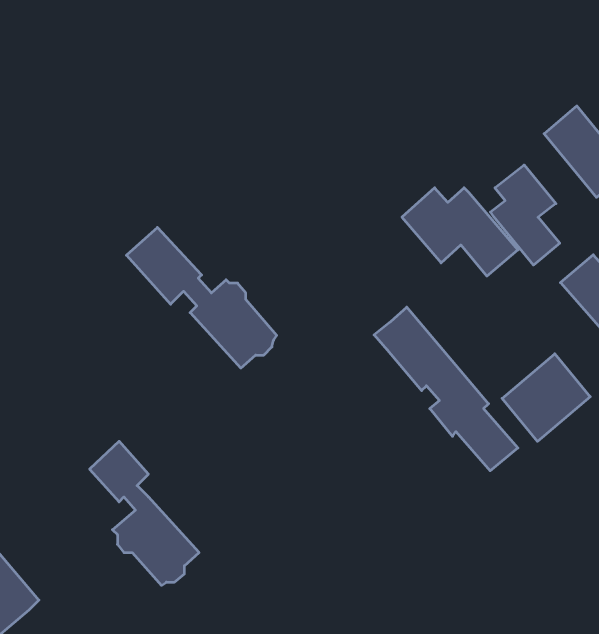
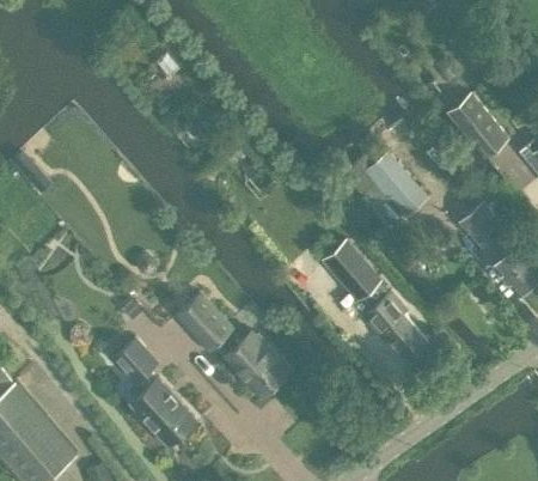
building: [490,165,560,265] -> none
building: [126,227,277,368] -> [177,294,287,397]
building: [502,354,590,441] -> none

